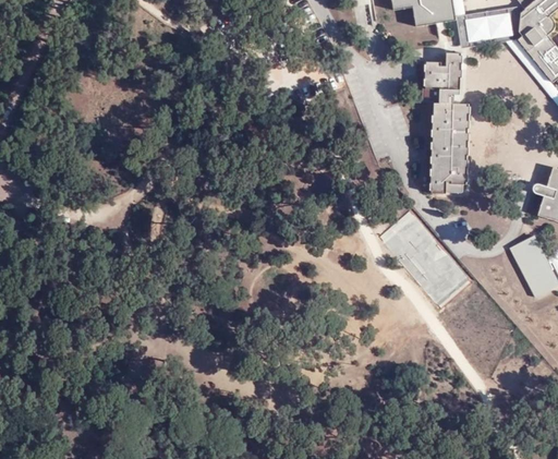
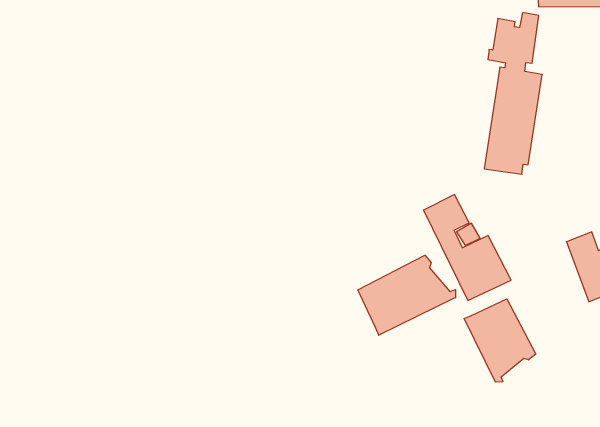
building: none -> [358,255,456,335]
building: none -> [464,299,536,382]

